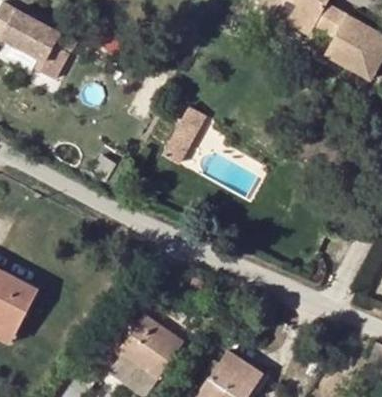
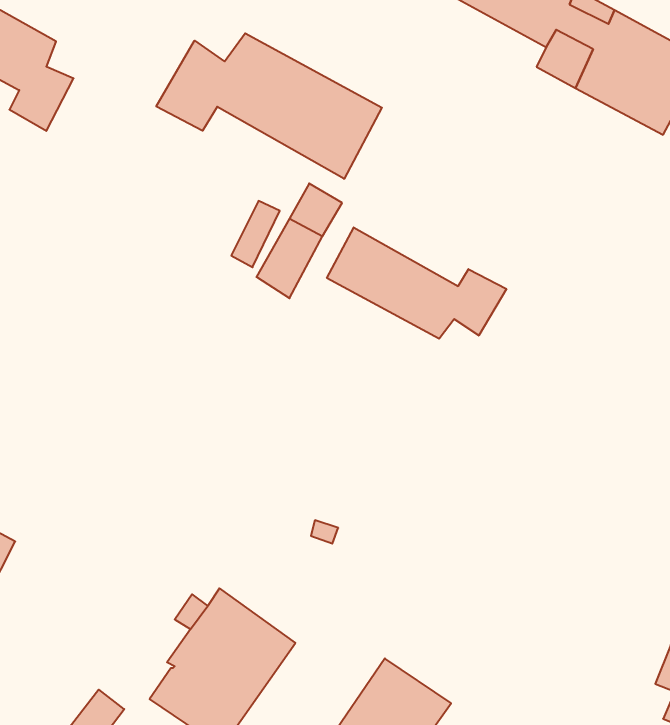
building: none -> [156,33,382,179]
building: none -> [327,227,506,339]

